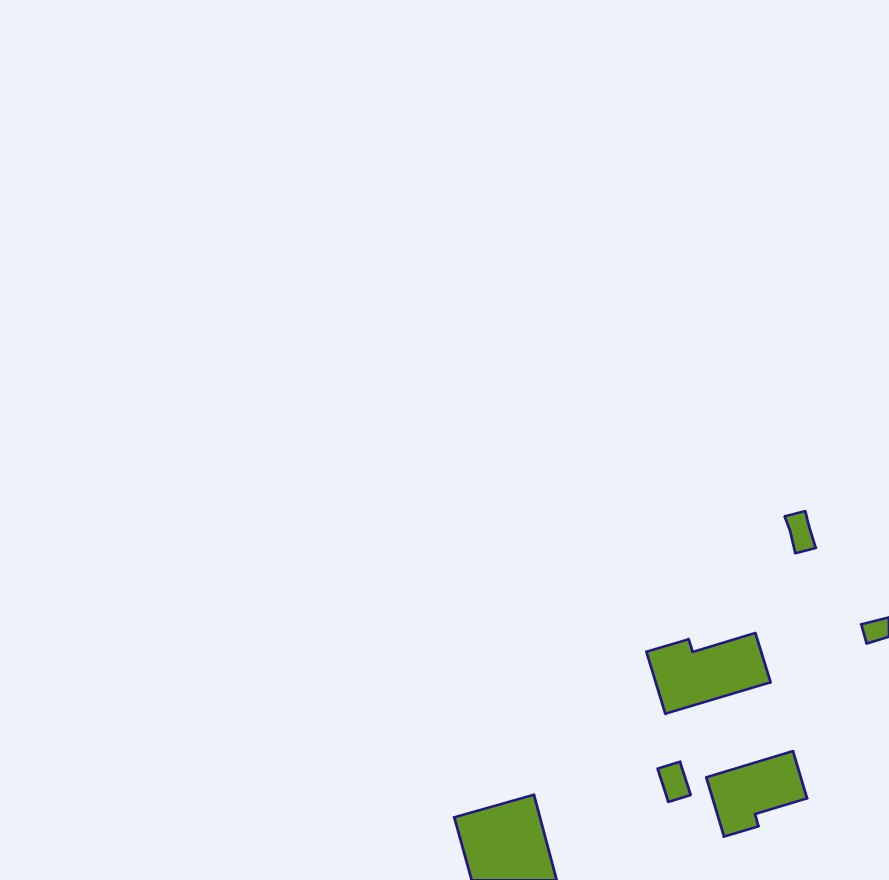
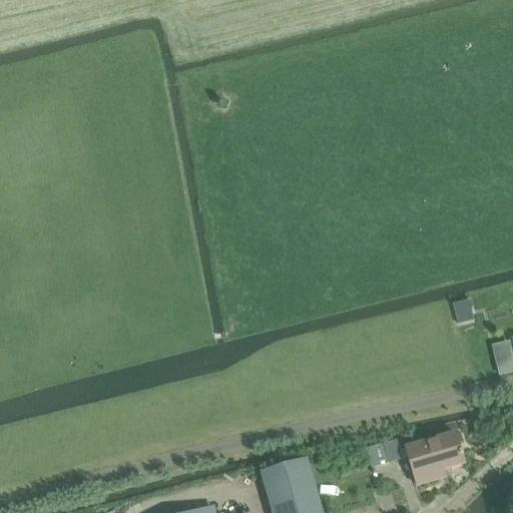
building: [646,633,770,714] -> none

